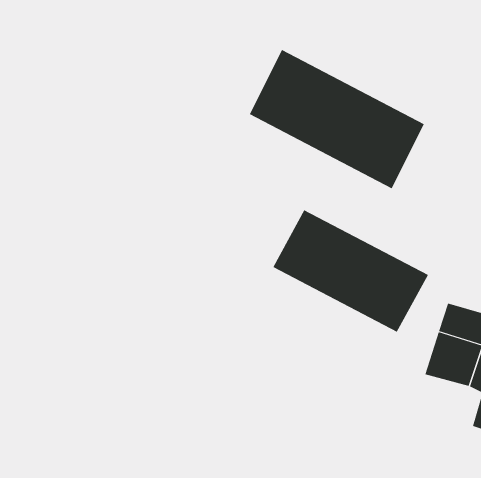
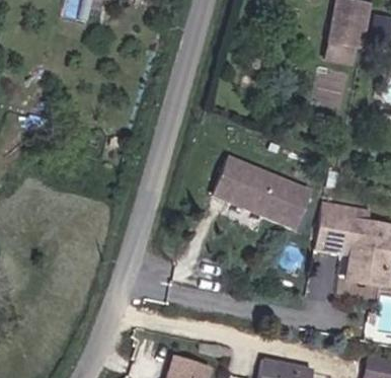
building: [249,49,424,189] -> none

